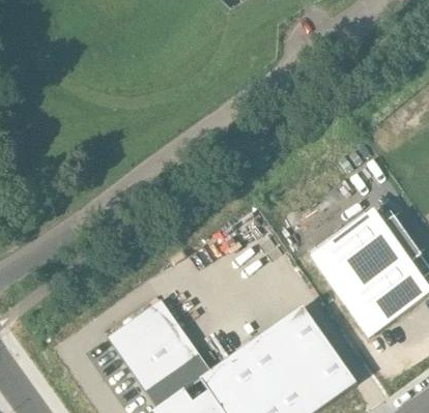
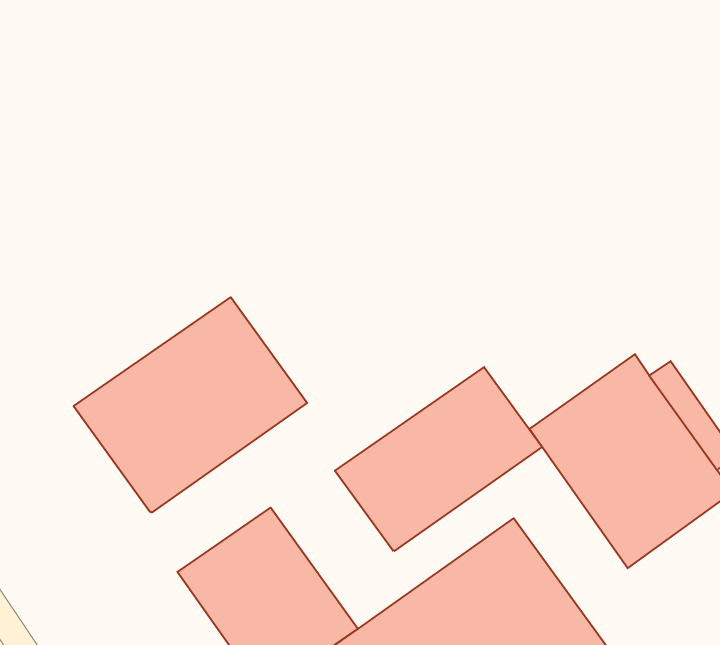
building: none -> [74,297,307,512]
building: none -> [335,367,542,551]

